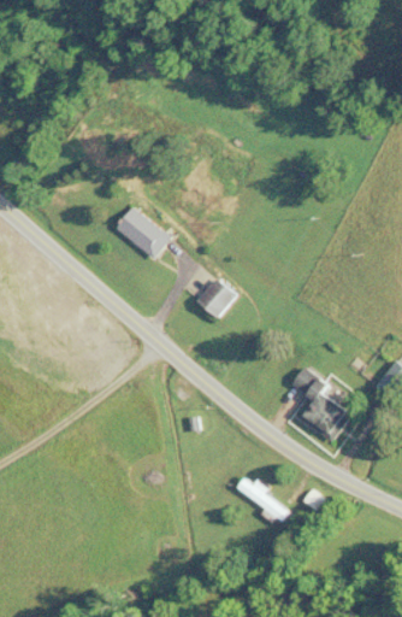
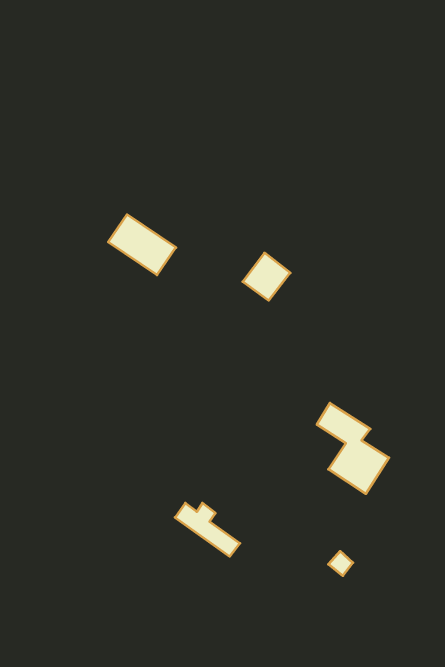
building: [197,277,237,317] -> [243,253,290,300]
building: [232,477,286,522] -> [175,503,240,556]

